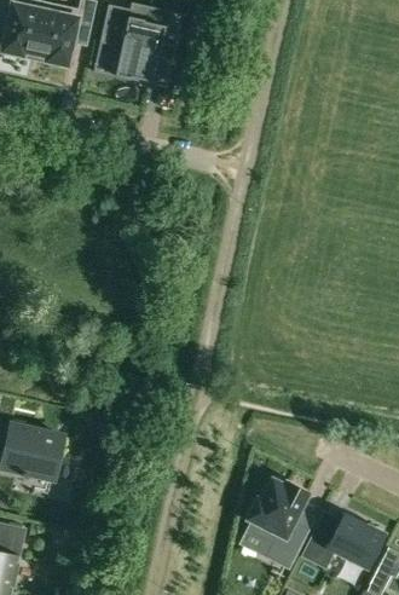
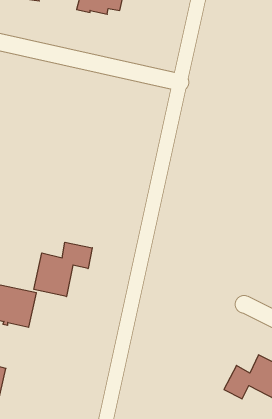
building: none -> [34,242,92,297]
building: [247,480,306,568] -> none

